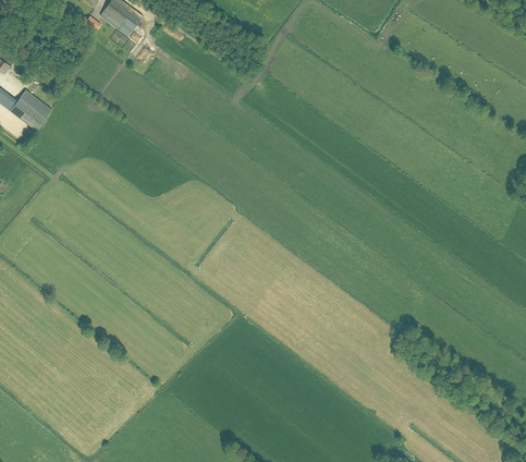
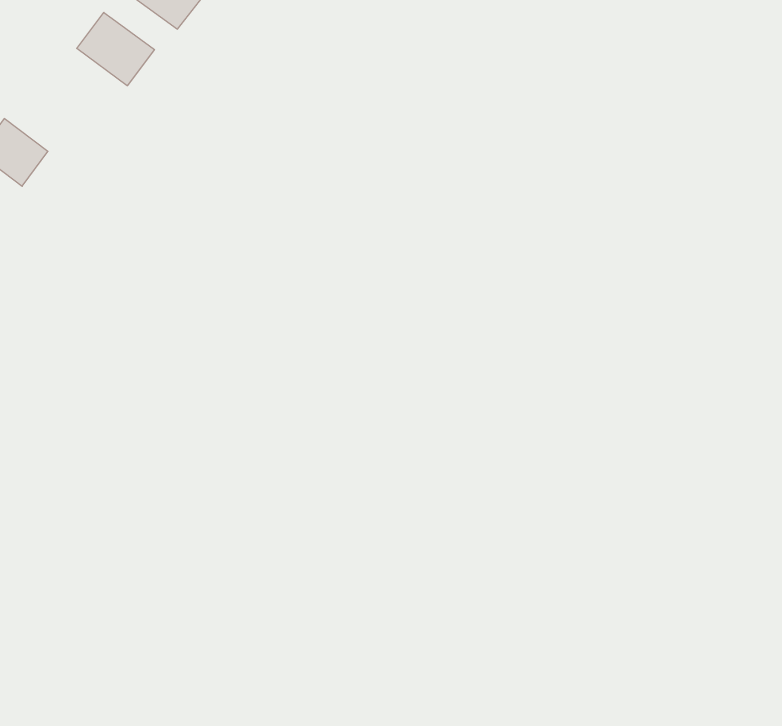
building: none -> [77,12,154,86]

